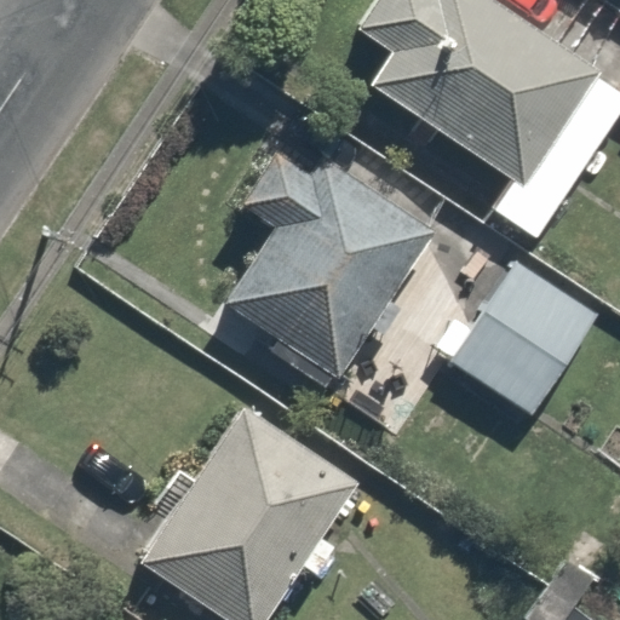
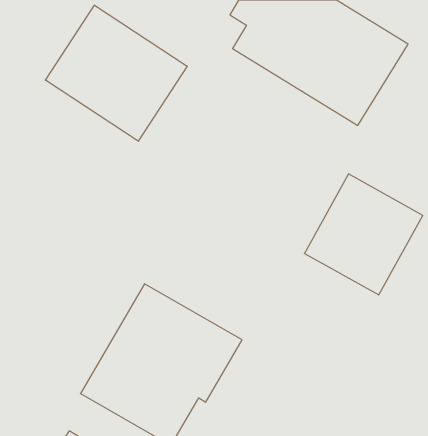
building: none -> [45,5,187,141]
building: [211,149,430,378] -> none

